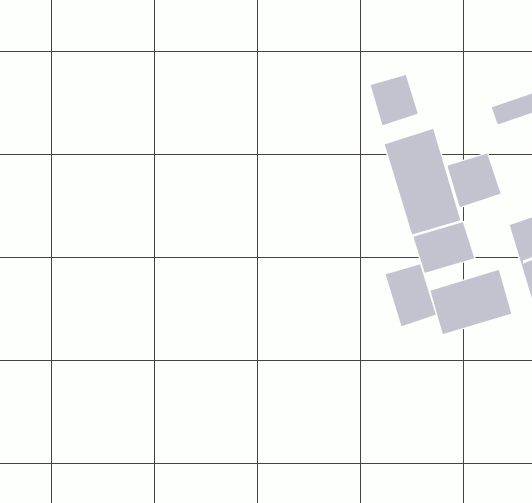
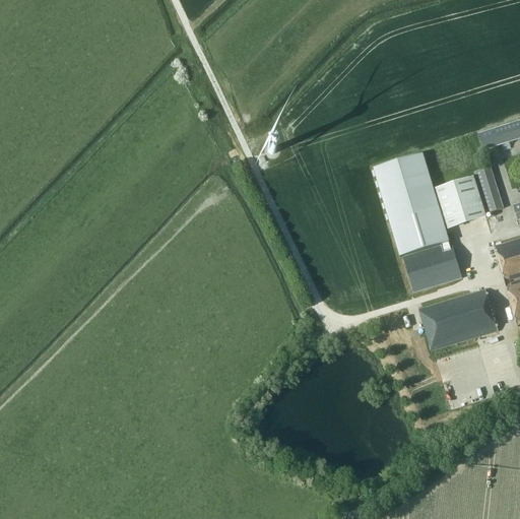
building: [370,74,419,126] -> none
building: none -> [474,166,504,212]
building: [385,264,437,327] -> none

